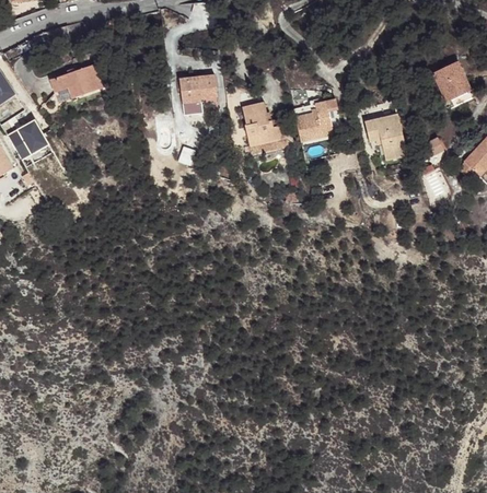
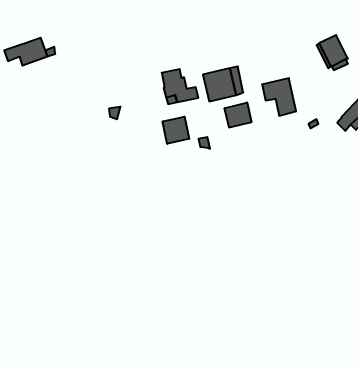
building: [178,74,217,114] -> none
building: none -> [225,102,252,128]
building: none -> [163,117,189,144]

